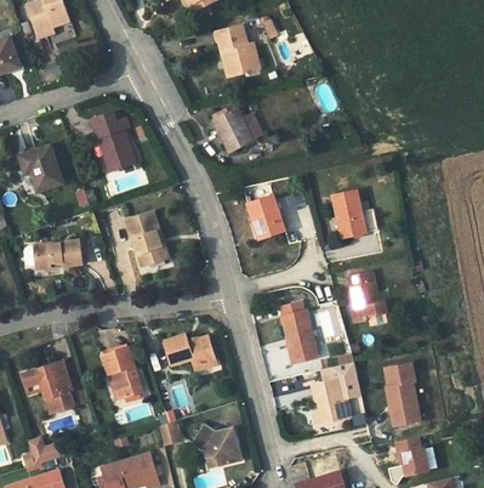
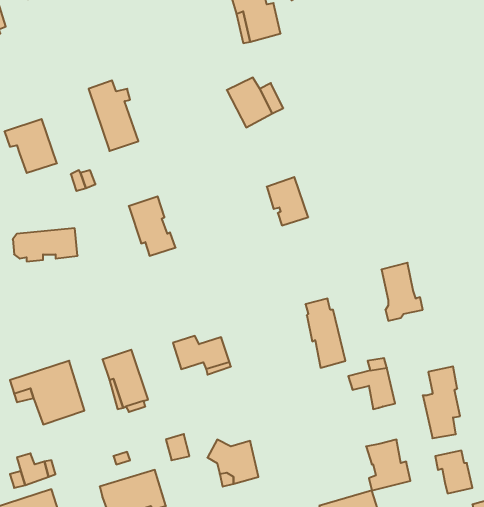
building: [331,191,365,238] -> none
building: [311,379,349,424] -> [366,440,410,491]

